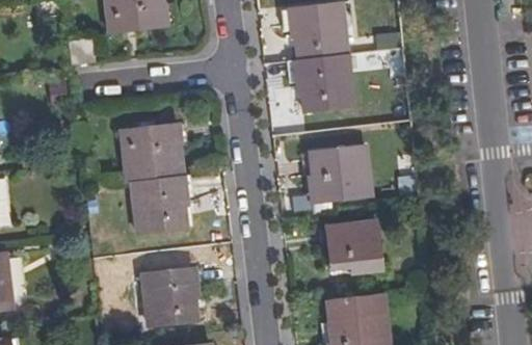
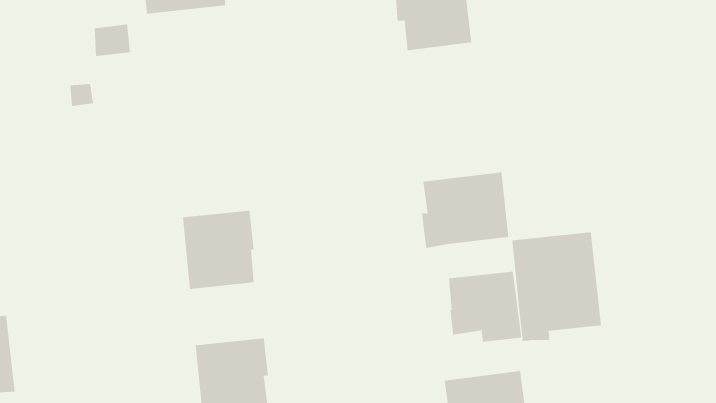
building: [294,52,352,111] -> none
building: [122,124,184,181] -> none
building: none -> [512,231,602,342]

